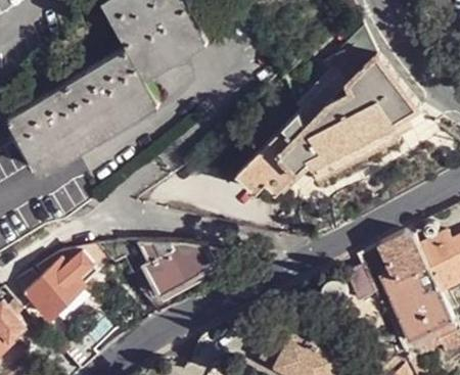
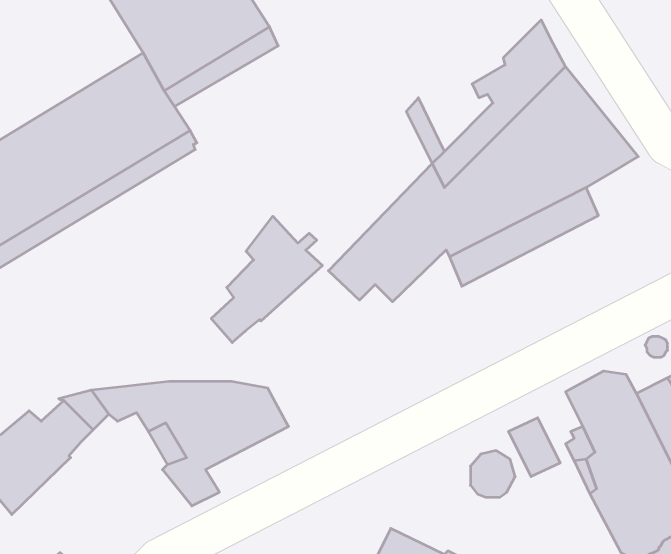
building: none -> [211,216,322,343]

